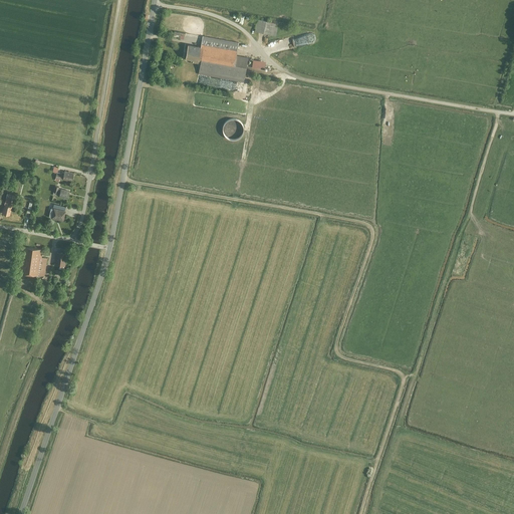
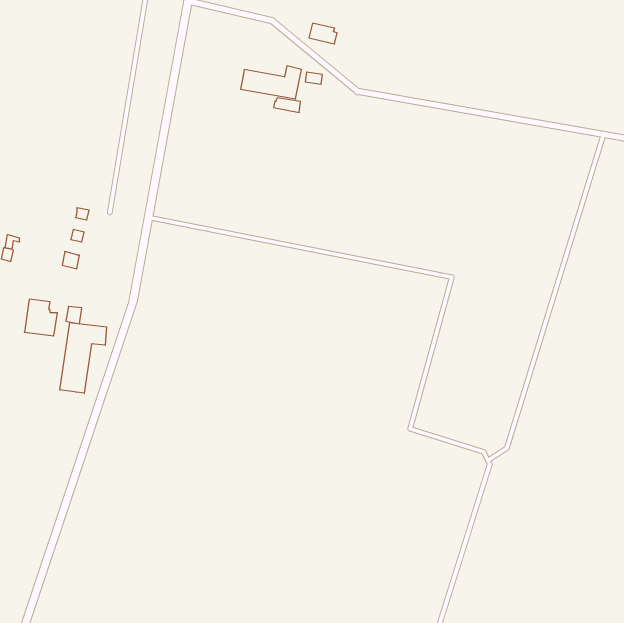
building: [186,36,238,64] -> none
building: none -> [60,323,107,393]

